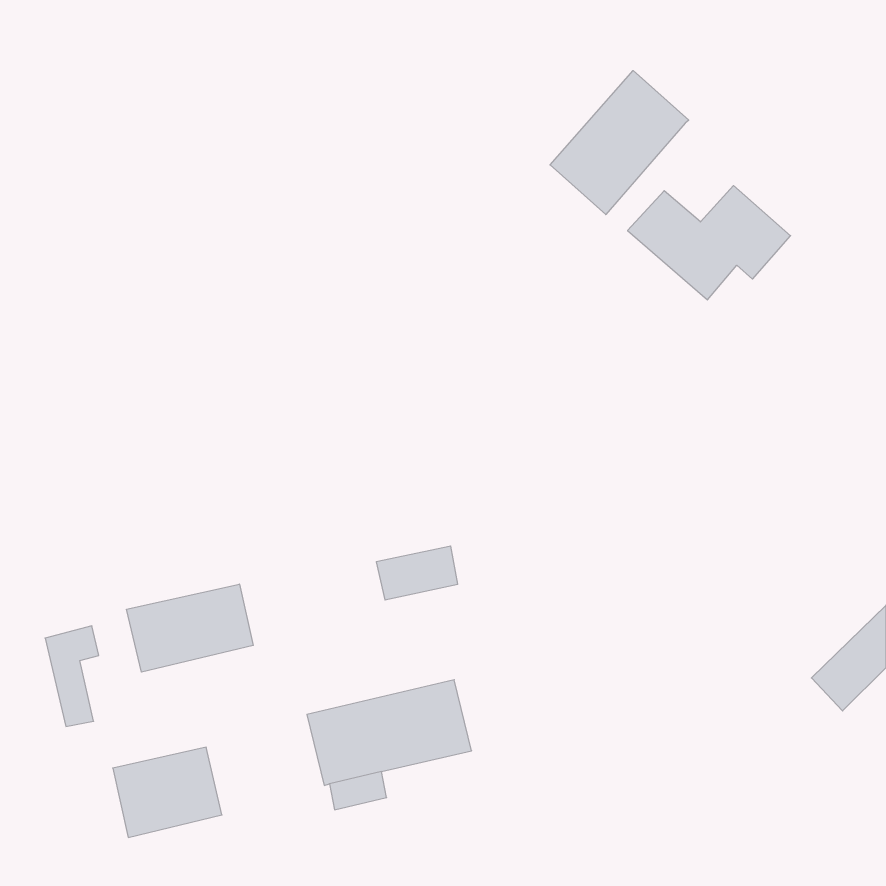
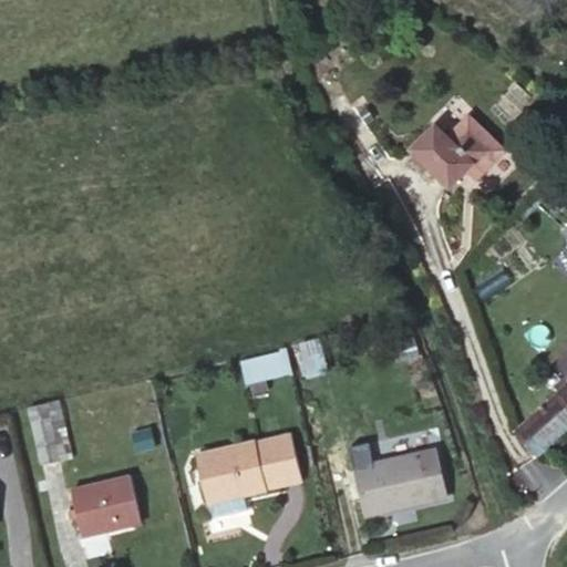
building: [550,71,689,215] -> none
building: [127,584,253,672] -> none
building: none -> [355,450,447,514]

